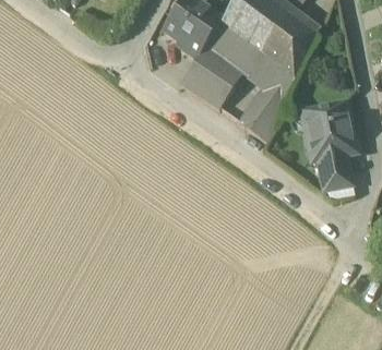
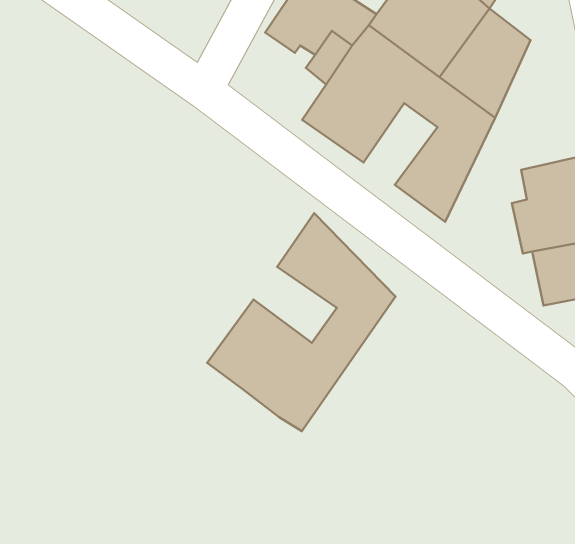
building: none -> [207,213,396,431]

